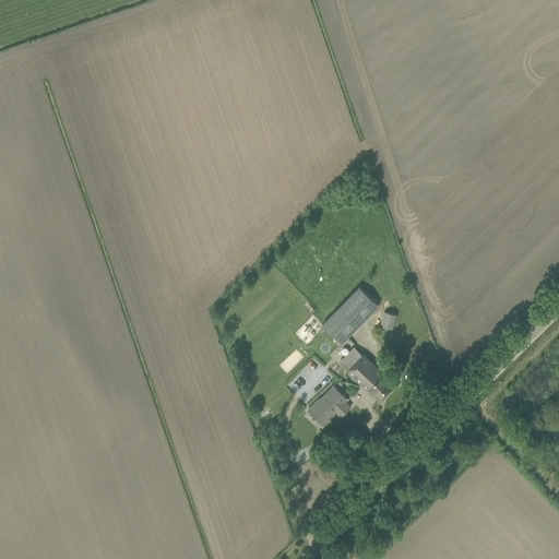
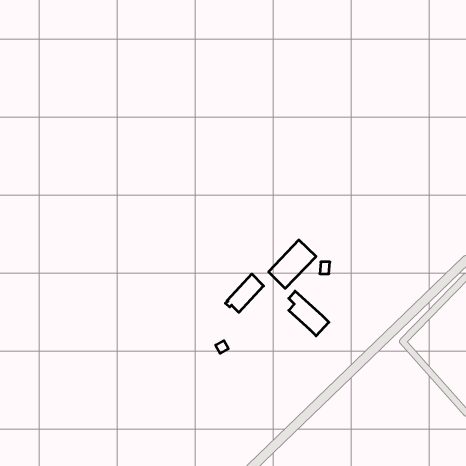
building: [305,381,350,427] -> [225,274,264,312]

